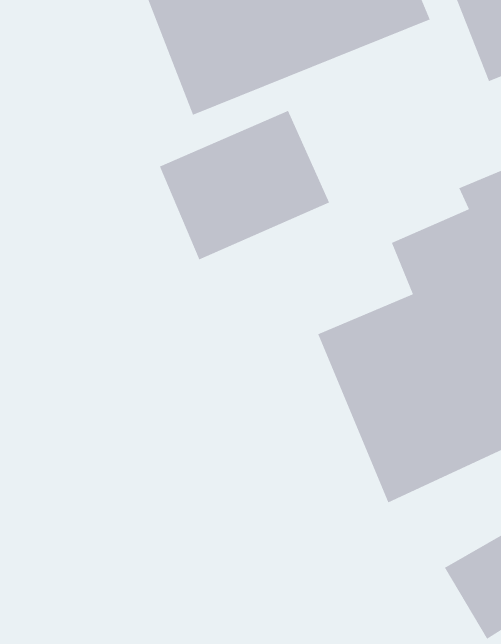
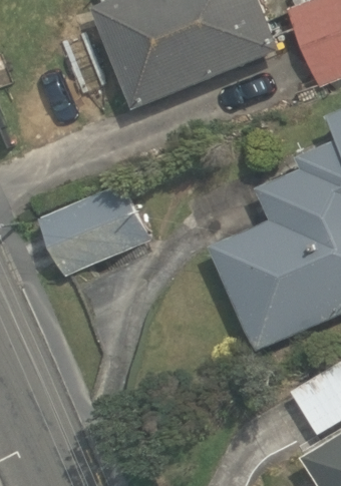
building: [159,110,330,261] -> [41,182,148,277]

